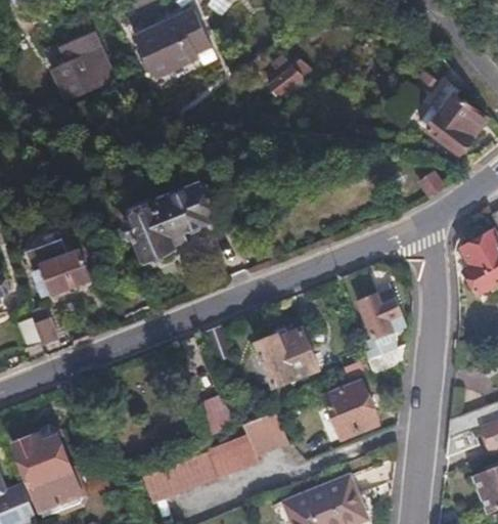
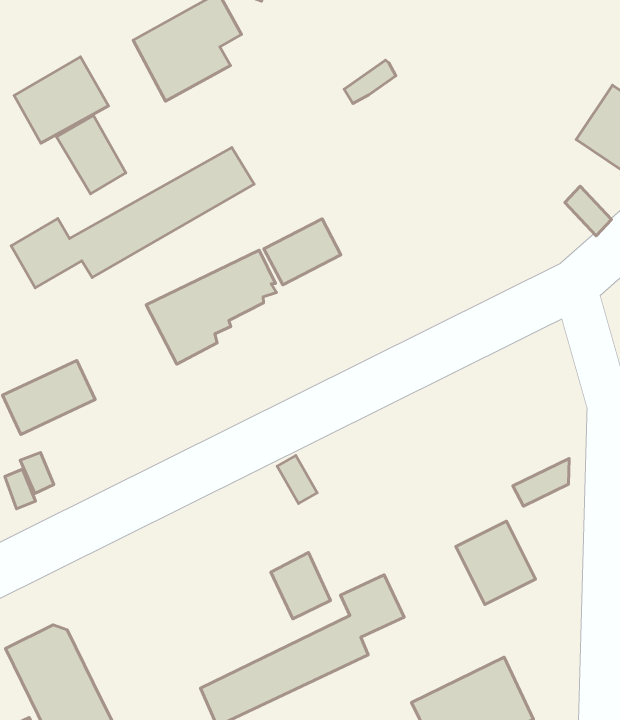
building: none -> [56,116,126,194]
building: none -> [11,148,254,288]
building: none -> [264,219,341,285]
building: [357,292,404,336] -> none
building: [258,325,320,384] -> none

